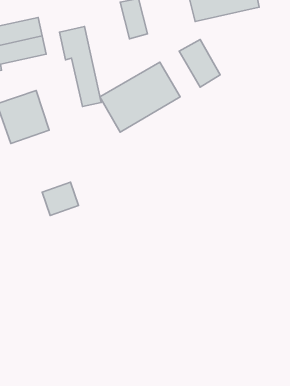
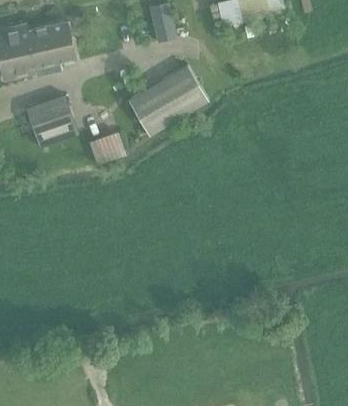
building: [60,26,101,107] -> none
building: [179,40,220,87] -> none
building: [42,182,79,216] -> [90,131,126,164]

